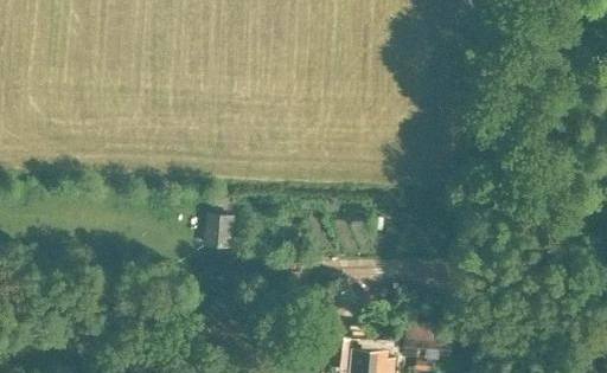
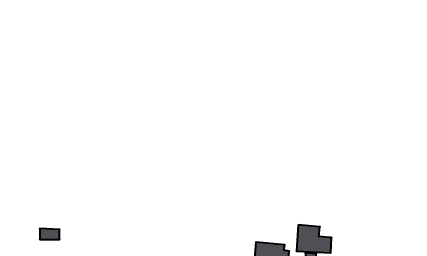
building: [204,214,234,249] -> none

